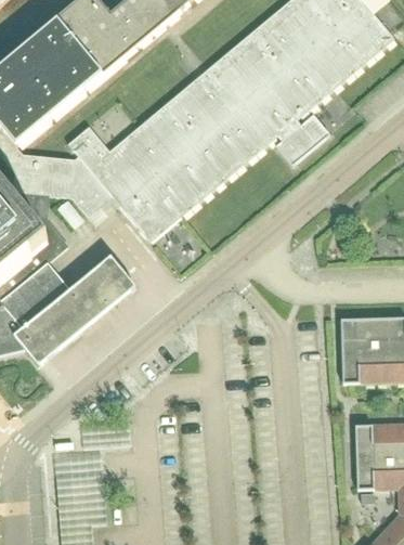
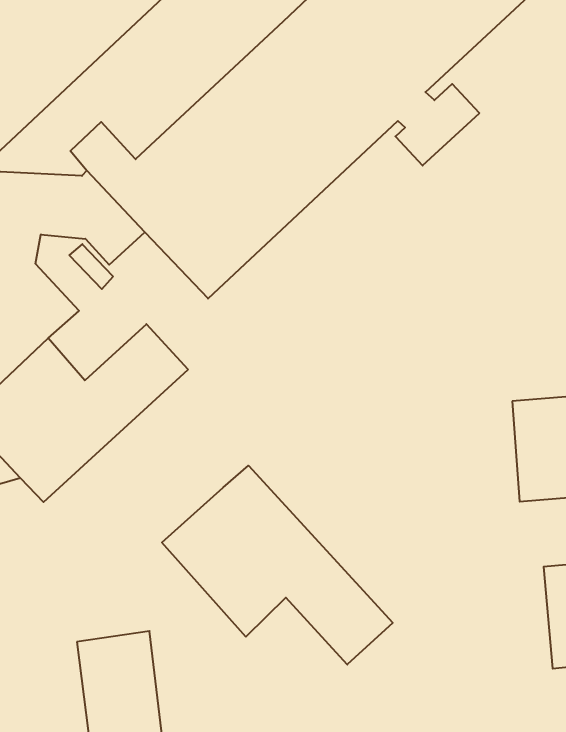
building: none -> [162,466,393,665]

